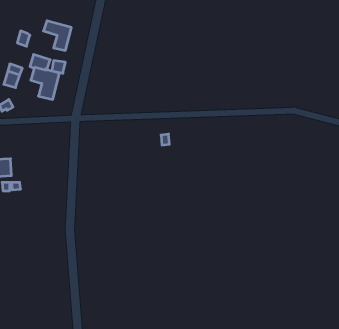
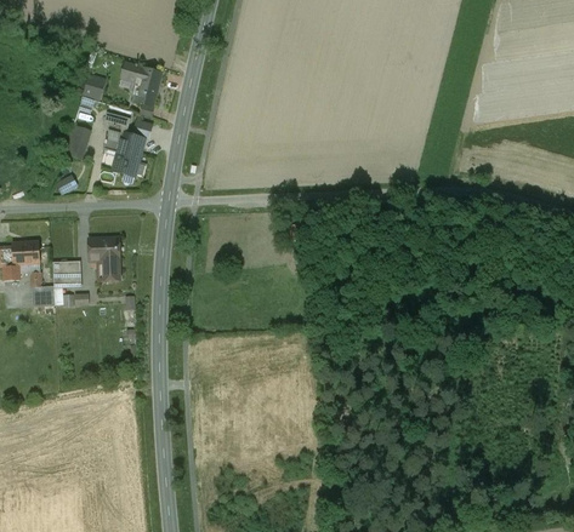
building: none -> [90,238,120,279]

